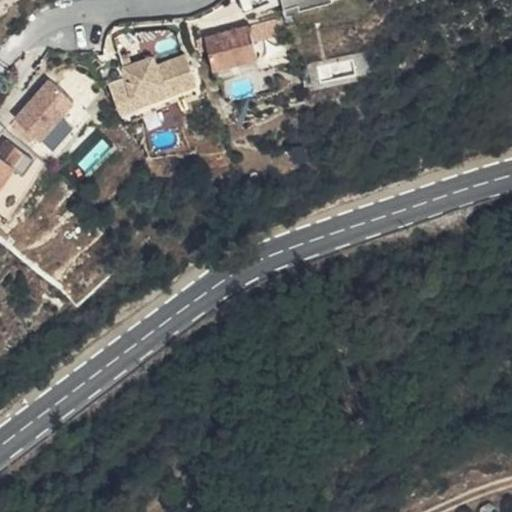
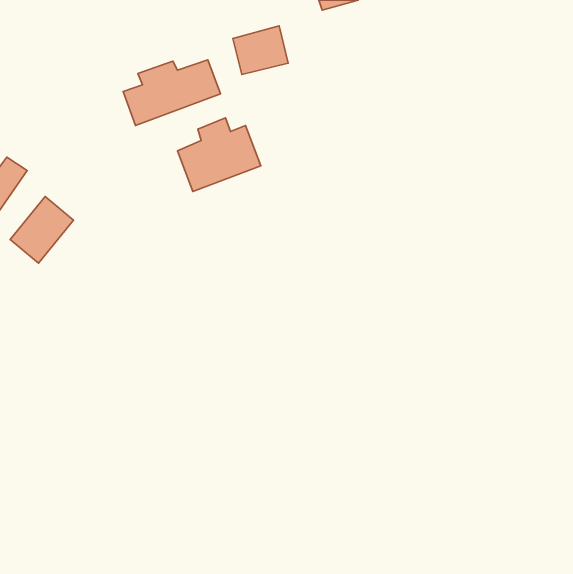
building: [16,81,72,140] -> [10,196,73,263]
building: none -> [177,118,261,191]

